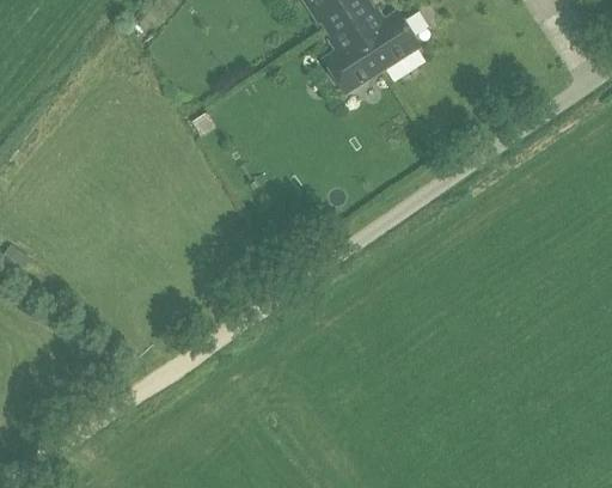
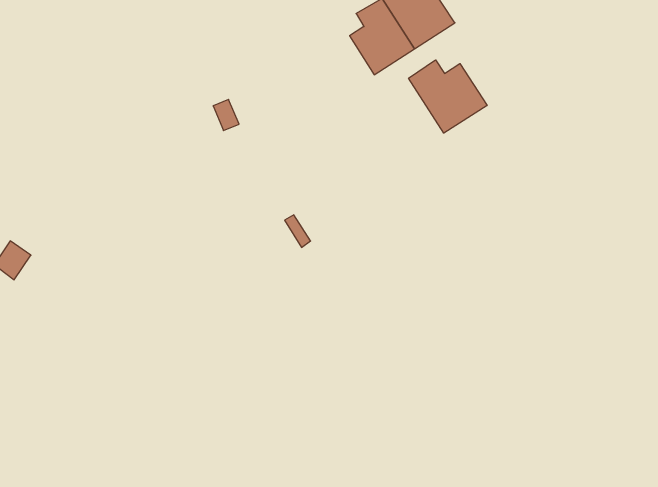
building: none -> [409,60,487,133]

